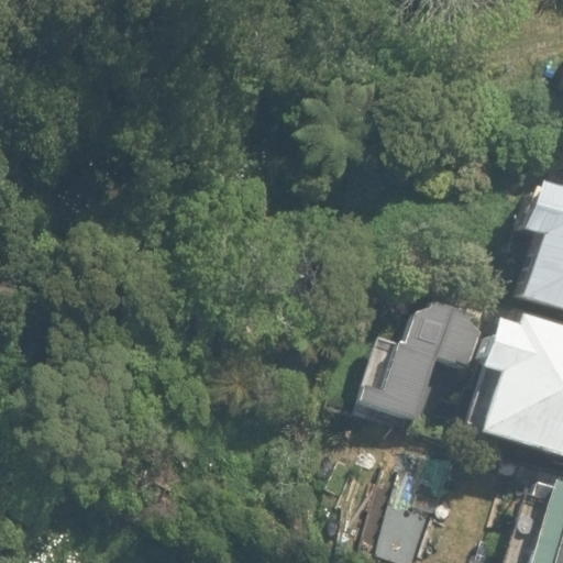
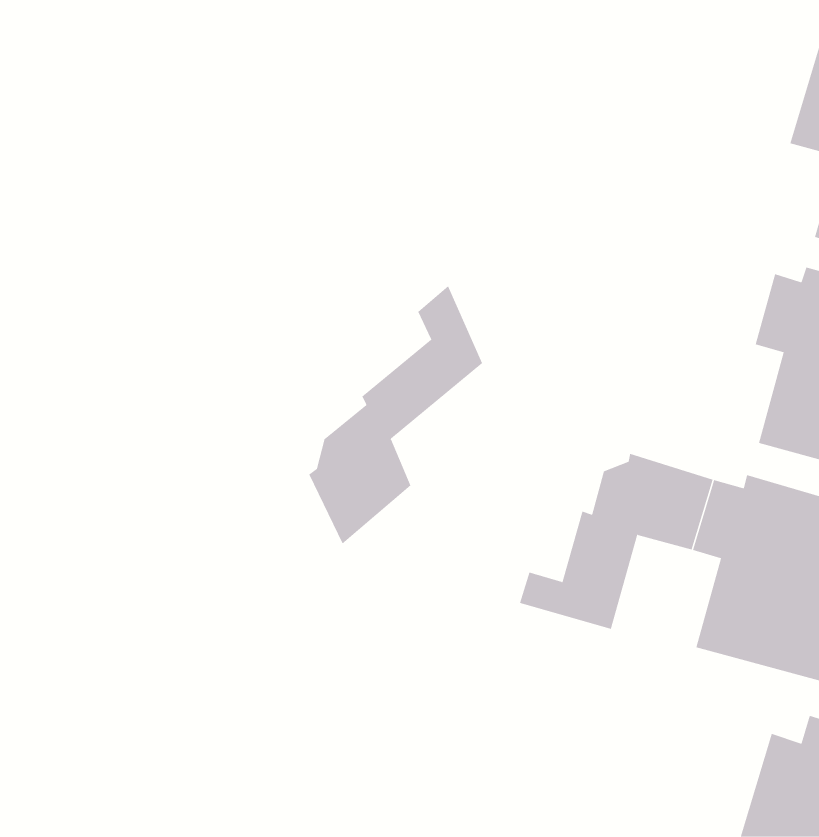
building: none -> [308,285,483,544]

